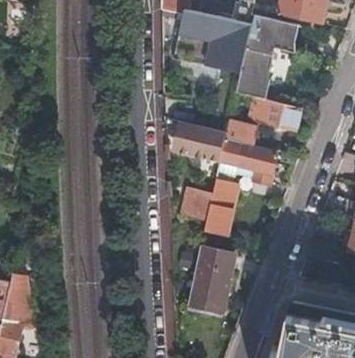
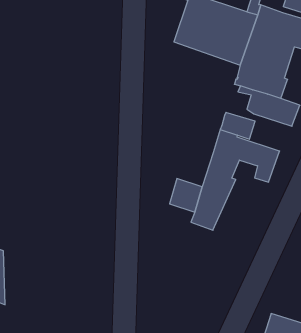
building: [175,123,226,160] -> none
building: [187,243,235,310] -> none

